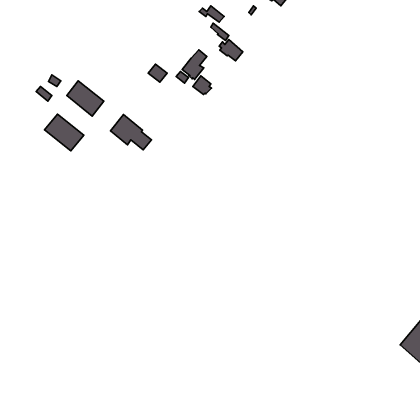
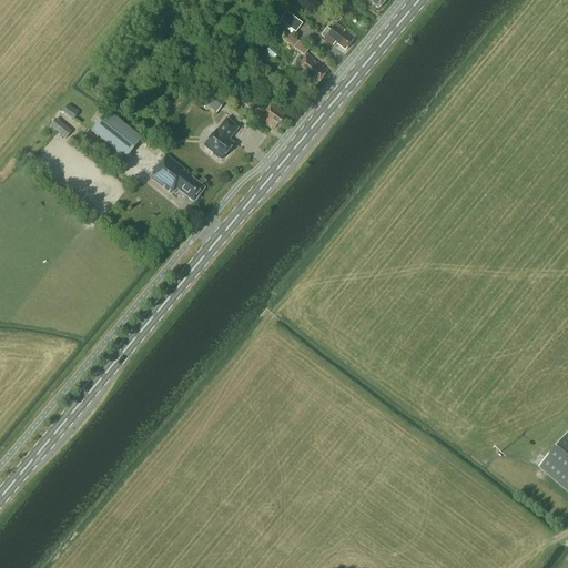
building: none -> [322,22,356,49]
building: [182,50,207,80] -> [205,118,239,158]
building: [45,114,84,151] -> none

